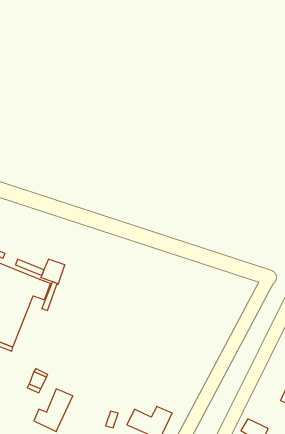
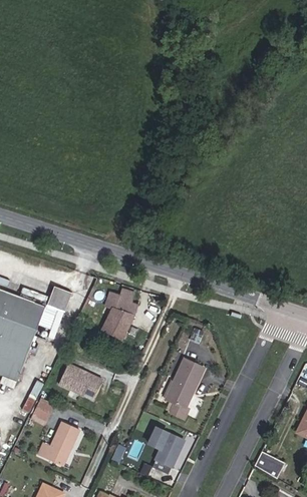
building: none -> [101,286,137,338]
building: none -> [164,357,205,418]
building: none -> [59,364,103,400]

